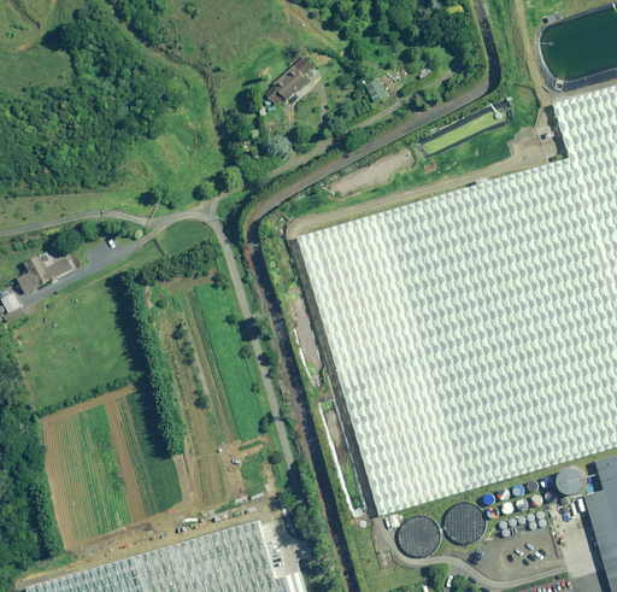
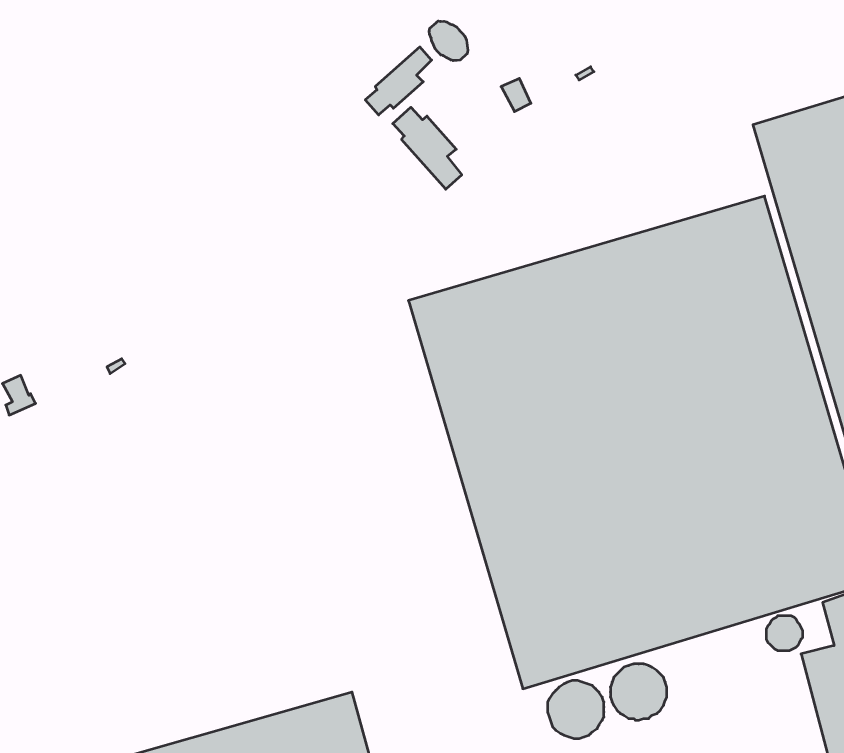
building: none -> [429,21,468,61]
building: none -> [393,107,462,189]
building: [19,251,75,289] -> none

